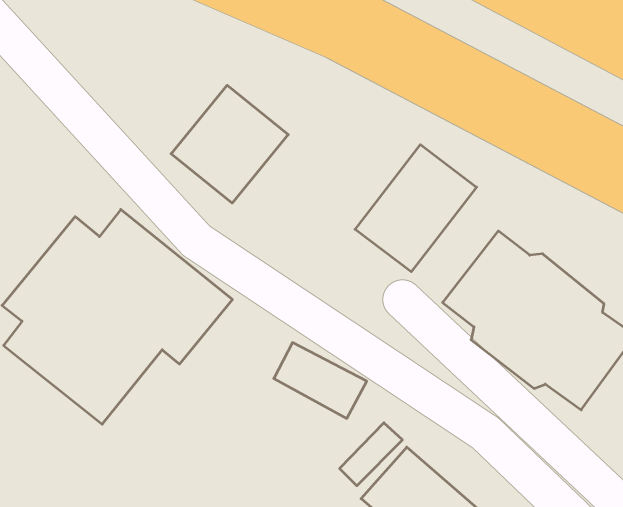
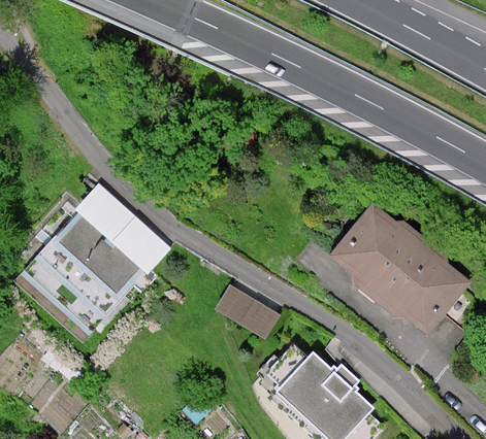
building: [171,85,288,203] -> none
building: [355,145,477,272] -> none

